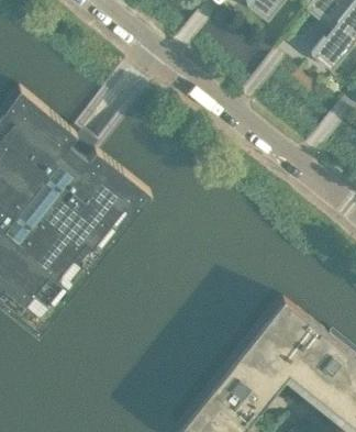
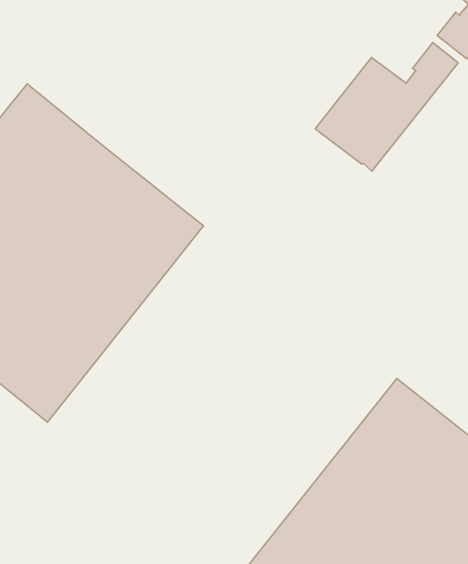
building: none -> [315,43,458,171]

